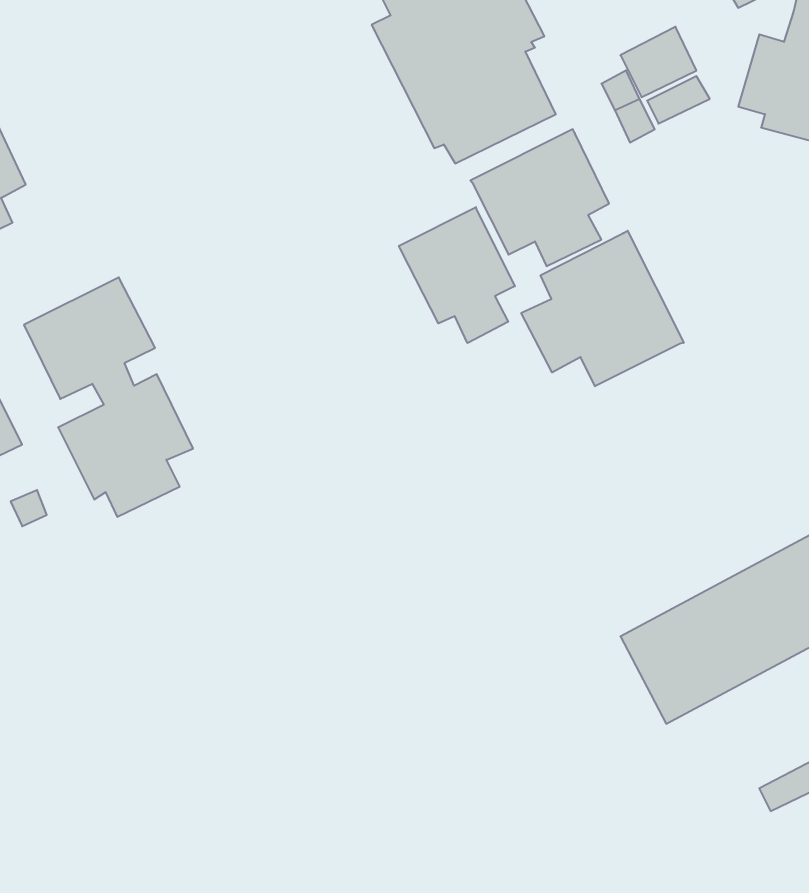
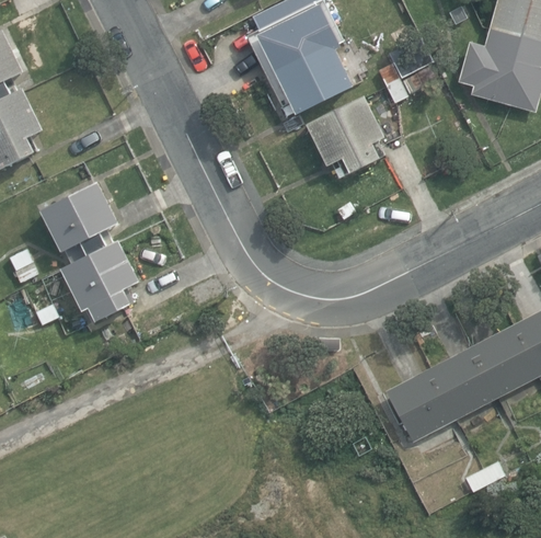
building: [399,207,515,343] -> none
building: [521,231,684,386] -> none

